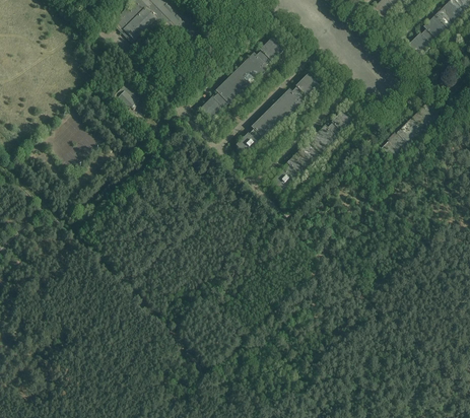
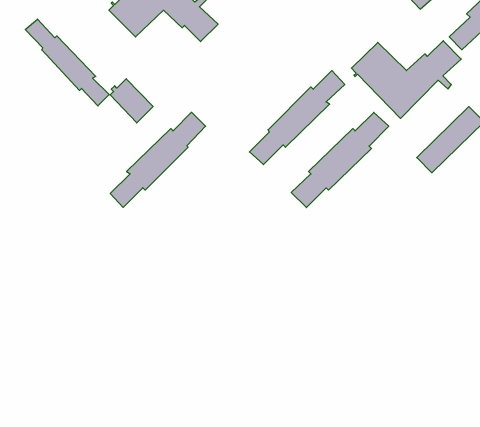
building: none -> [25,19,109,106]
building: [200,36,283,119] -> [110,112,206,207]
building: none -> [351,41,461,118]

